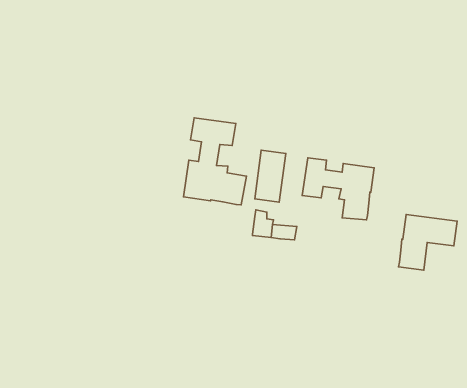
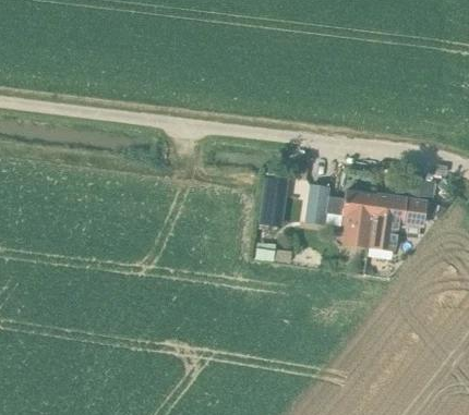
building: [184,118,247,205] -> none
building: [399,215,457,270] -> [369,194,426,248]

